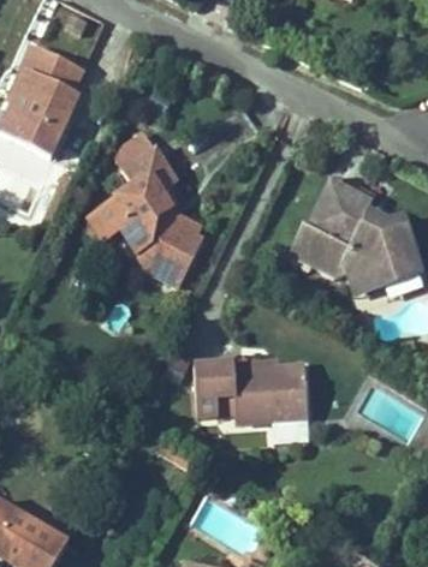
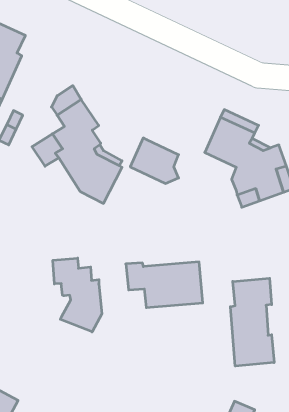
building: [289,217,351,276] -> [130,138,179,183]
building: none -> [53,258,102,332]
building: none -> [230,278,274,366]

